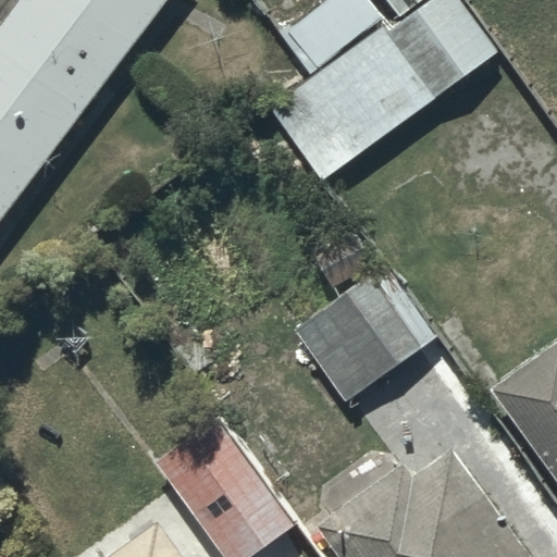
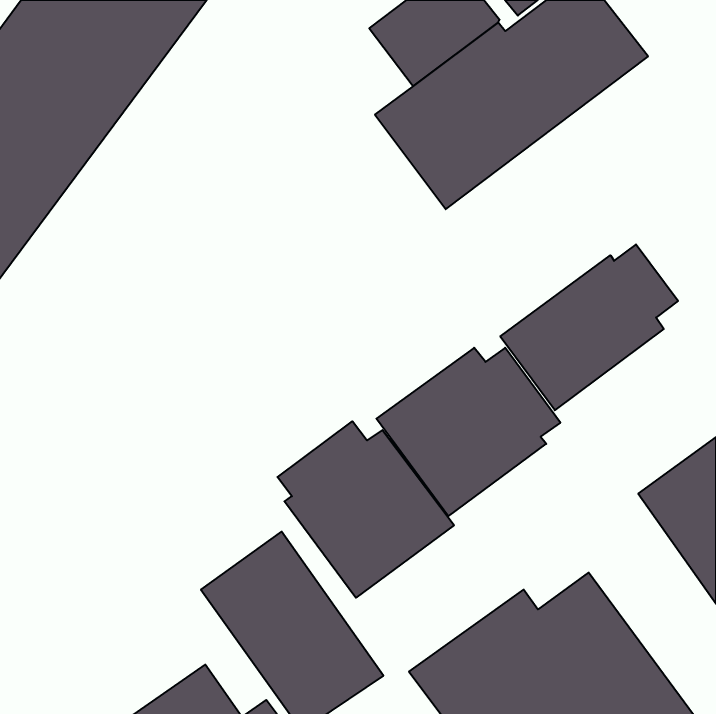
building: none -> [500,244,678,410]
building: none -> [277,421,454,598]

